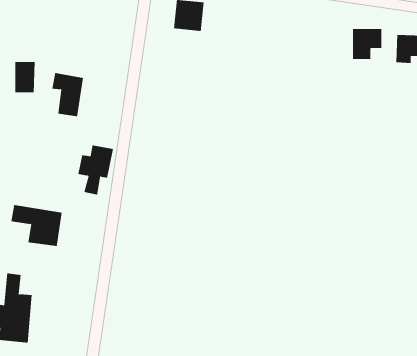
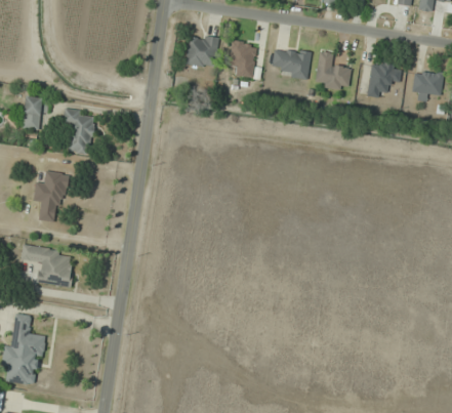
building: none -> [228,40,257,78]
building: none -> [273,48,310,79]
building: none -> [315,52,350,89]
building: [78,145,114,195] -> [32,170,69,221]

